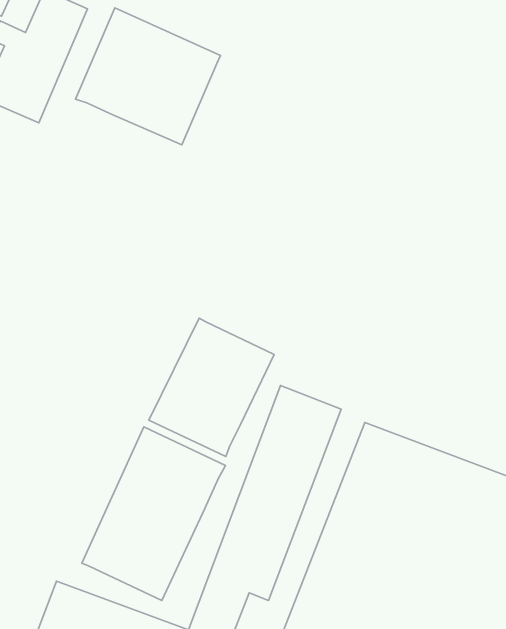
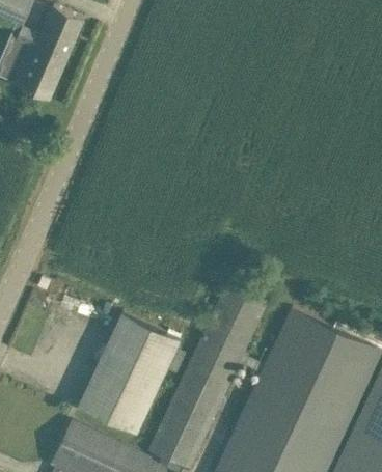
building: [76,8,221,145] -> none
building: [149,318,274,457] -> none

